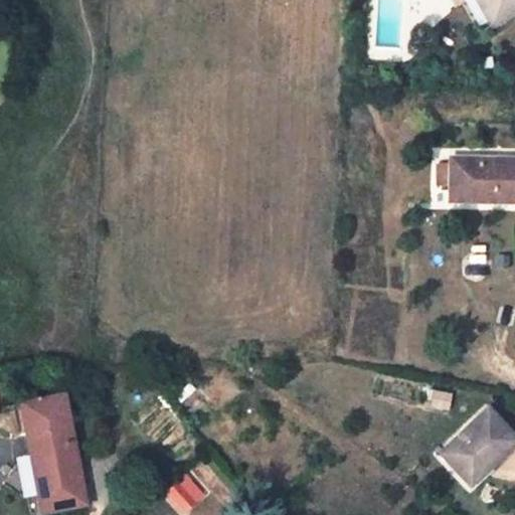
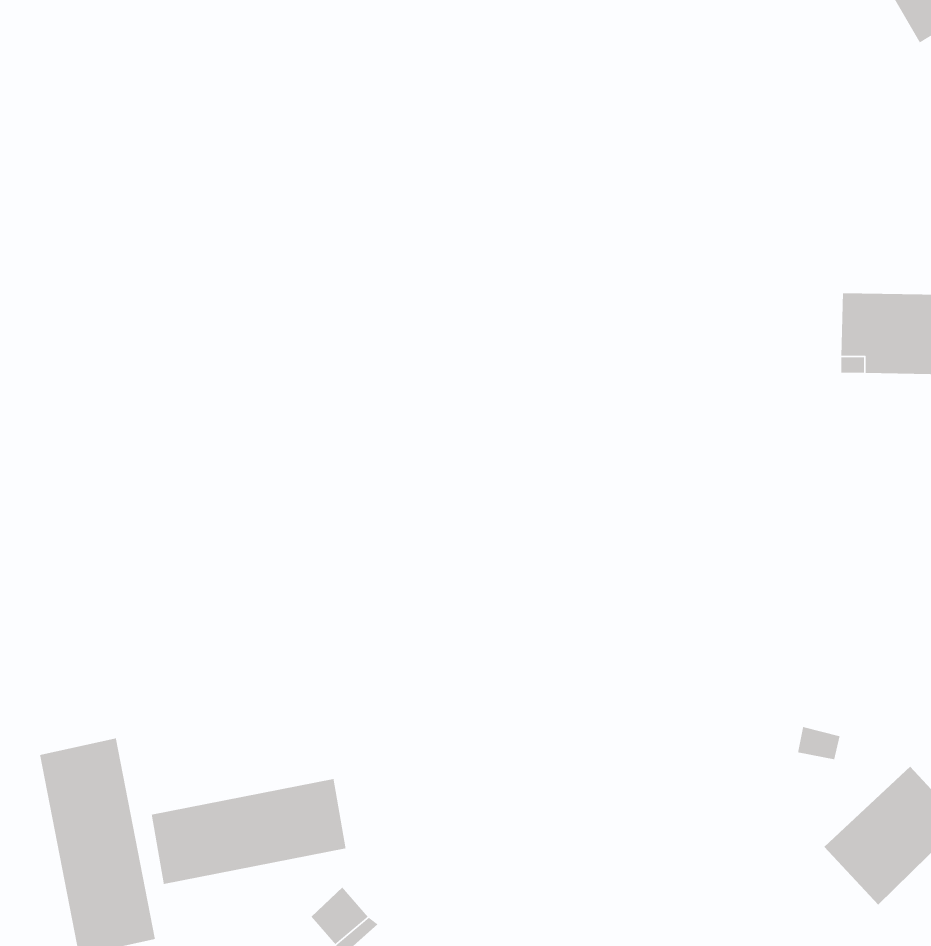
building: none -> [151,778,346,885]

